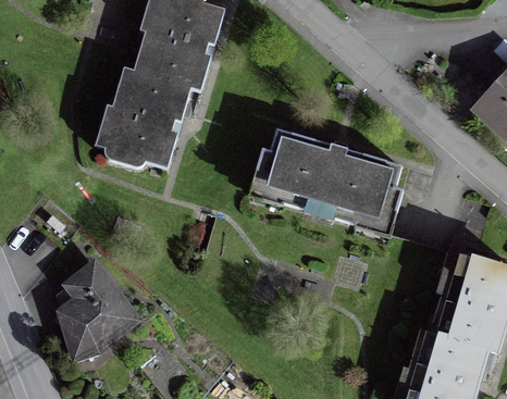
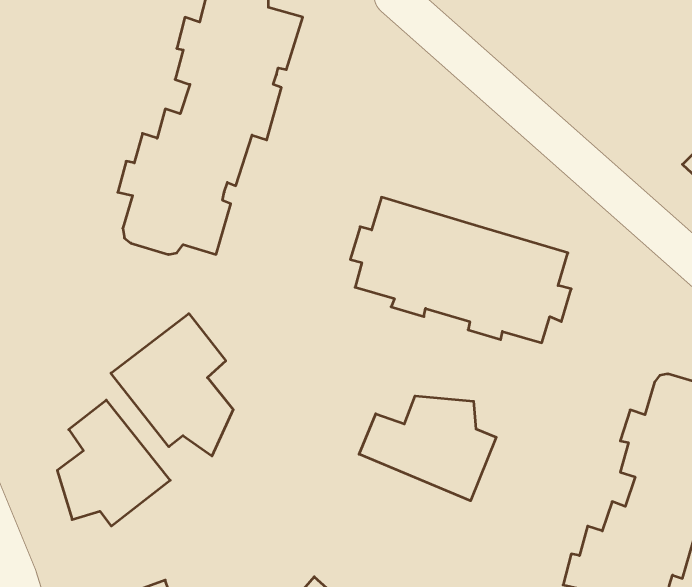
building: none -> [111,314,233,456]
building: none -> [359,396,496,501]

